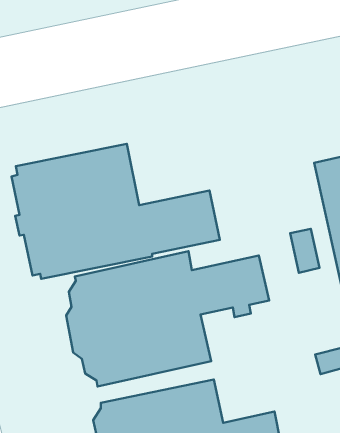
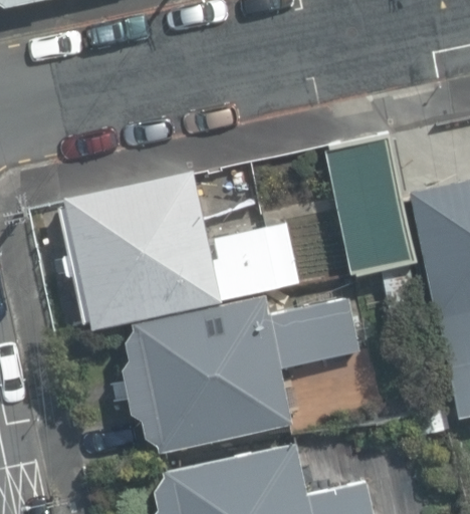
building: none -> [326,139,416,275]

